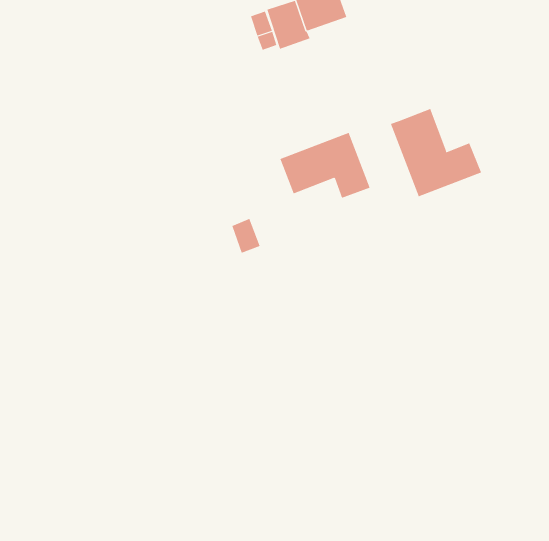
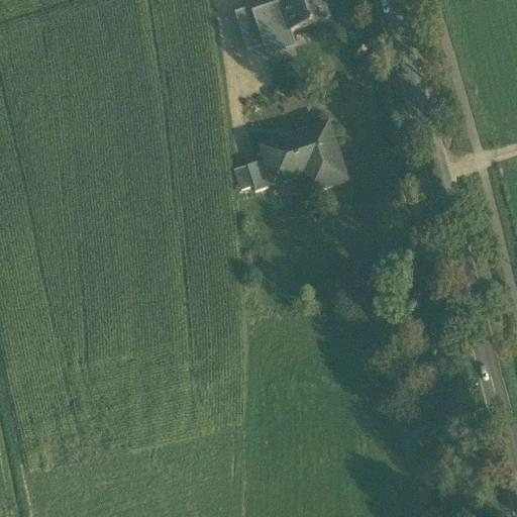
building: [390,108,482,197] -> none
building: [232,218,261,254] -> [248,157,276,190]

